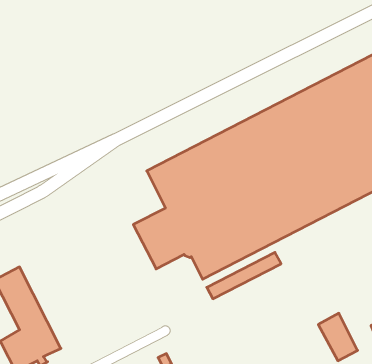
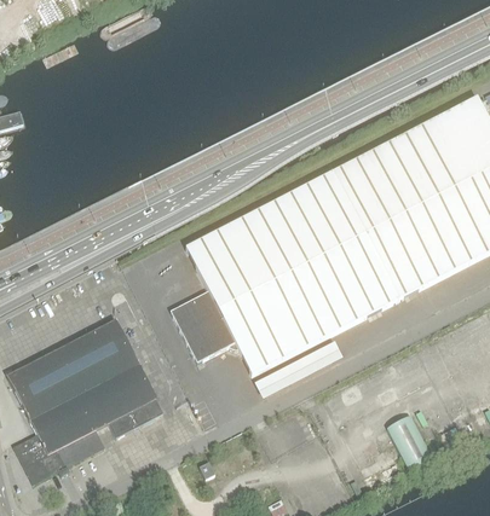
building: none -> [38,319,163,454]

